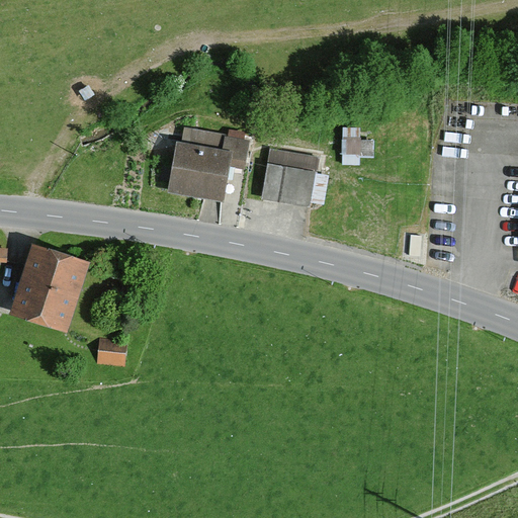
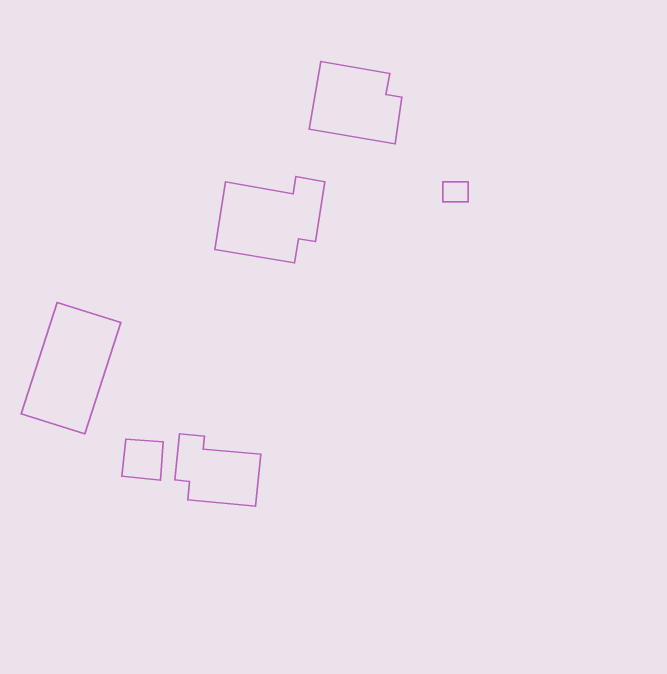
building: [256,145,327,207] -> [309,61,402,144]
building: none -> [175,434,261,506]

